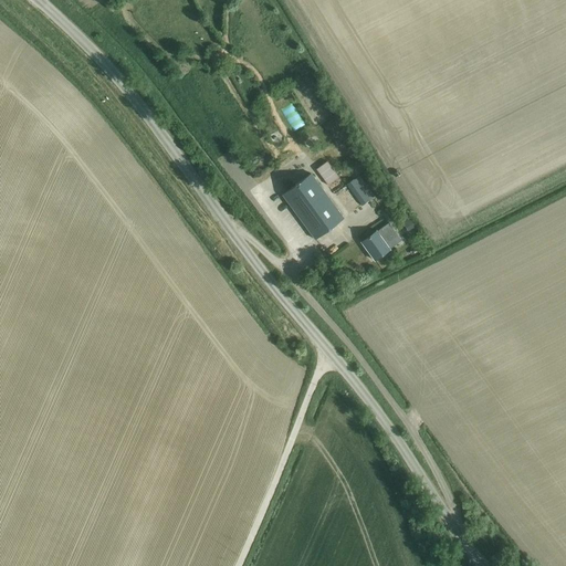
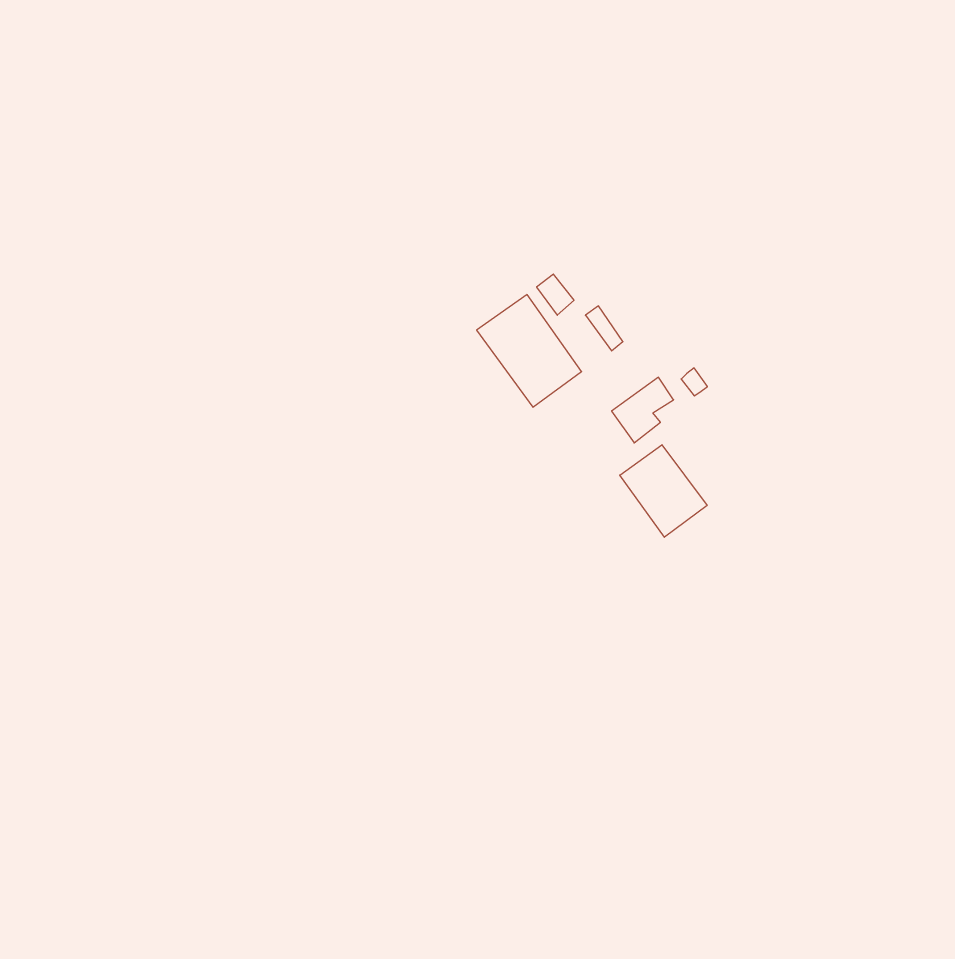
building: none -> [620,445,707,537]

